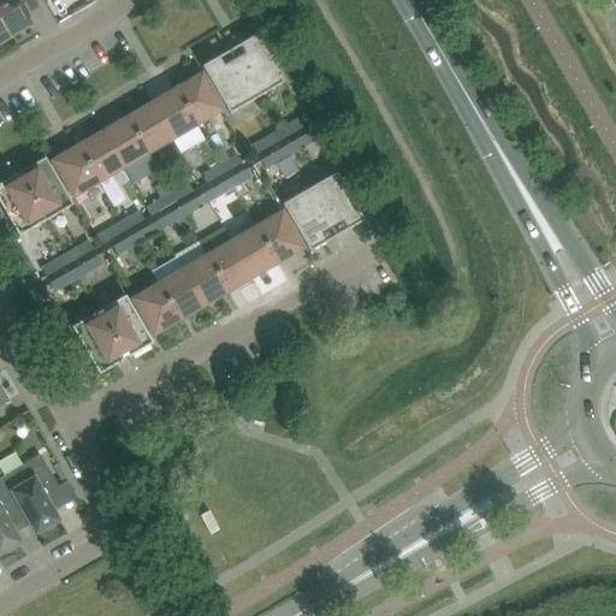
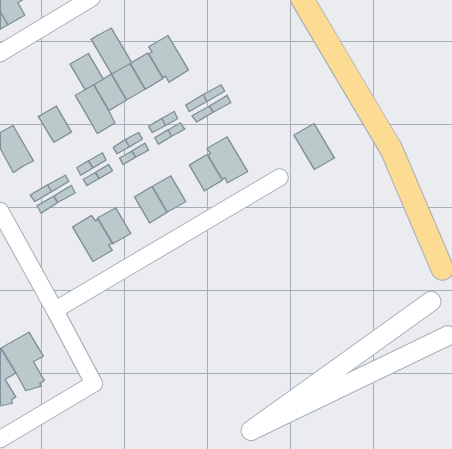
building: [229,32,284,95] -> [91,28,132,74]
building: [77,130,123,179] -> [70,53,103,90]
building: [18,155,72,219] -> none
building: [309,171,365,233] -> [294,124,335,169]
building: [232,225,278,274] -> none
building: [158,268,203,318] -> none
building: [71,309,126,372] -> none

